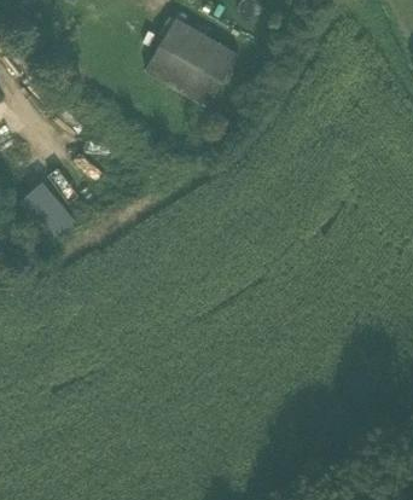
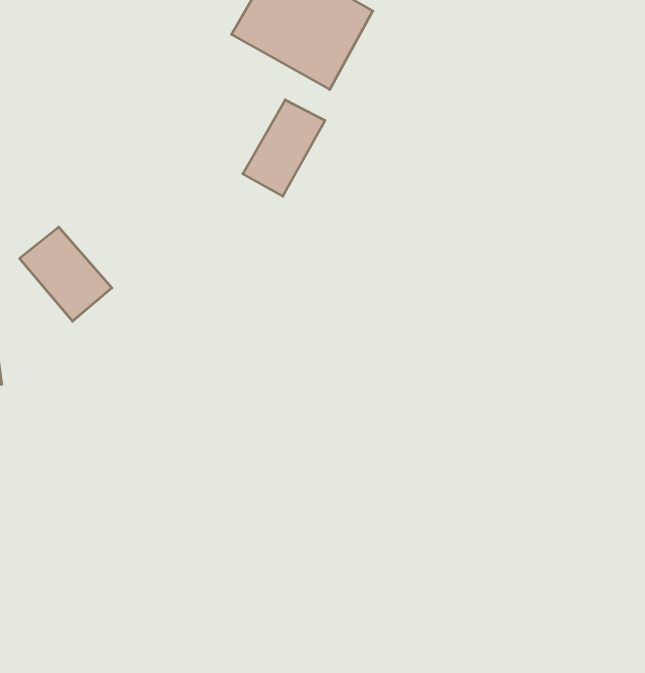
building: none -> [243,100,325,196]

